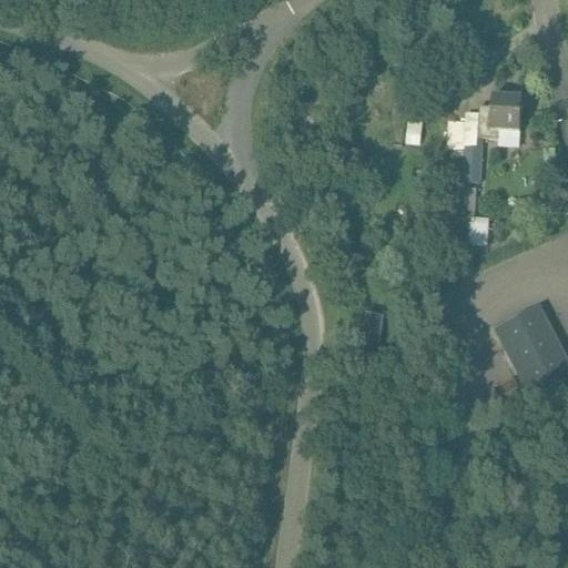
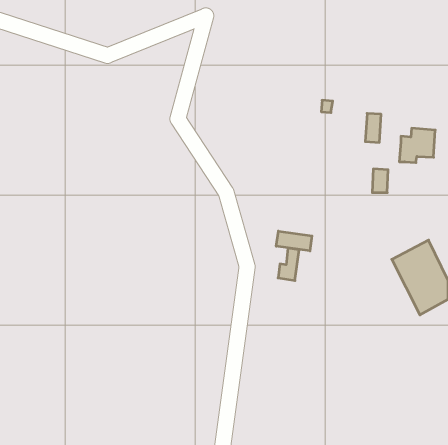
building: [475,93,520,136] -> [399,128,435,163]
building: none -> [276,231,312,251]

